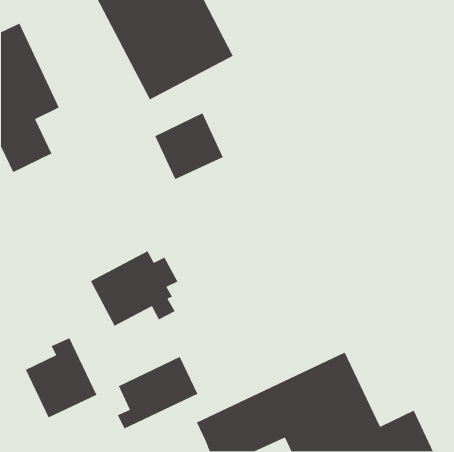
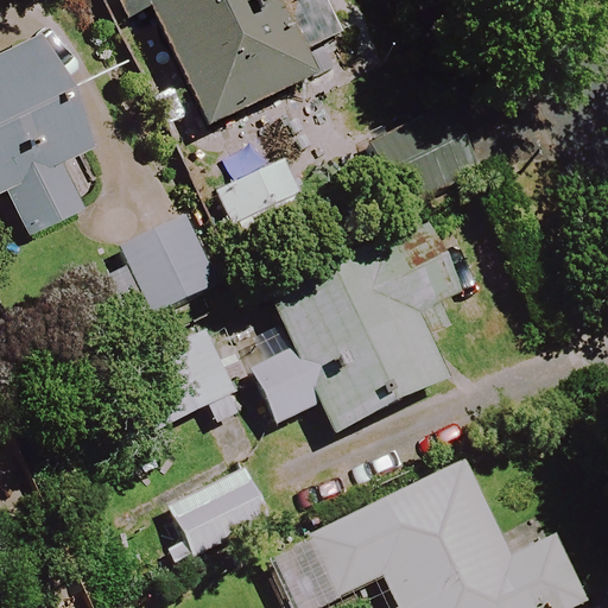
building: none -> [126,213,228,312]
building: none -> [252,224,461,433]
building: [25,337,97,419] -> none

